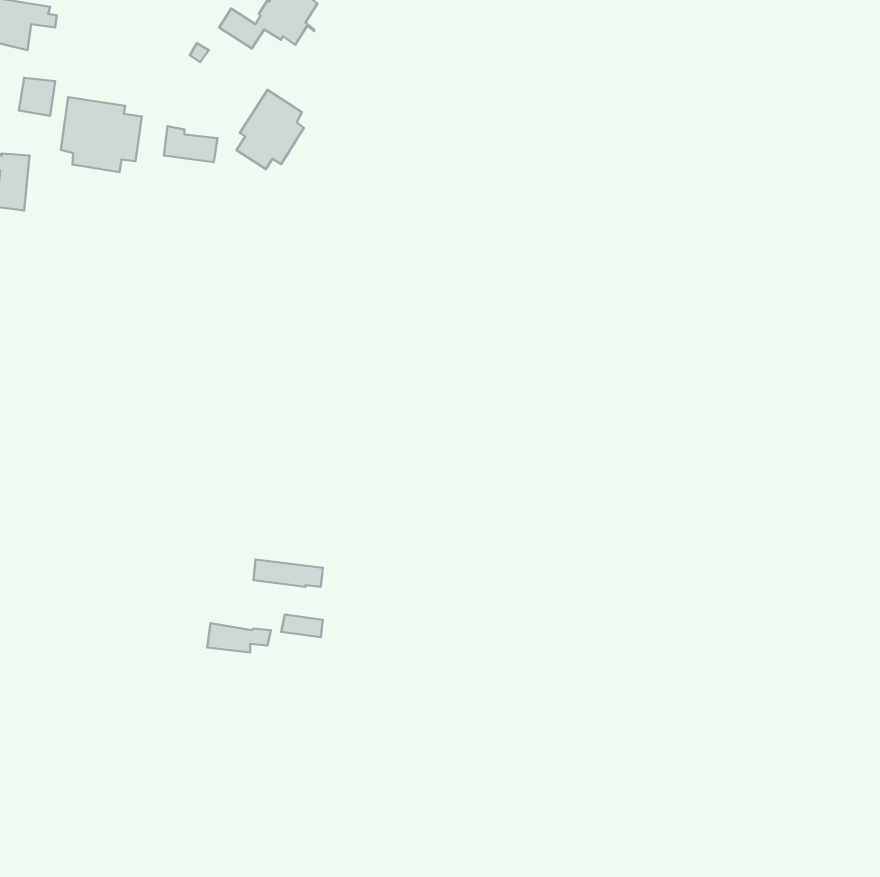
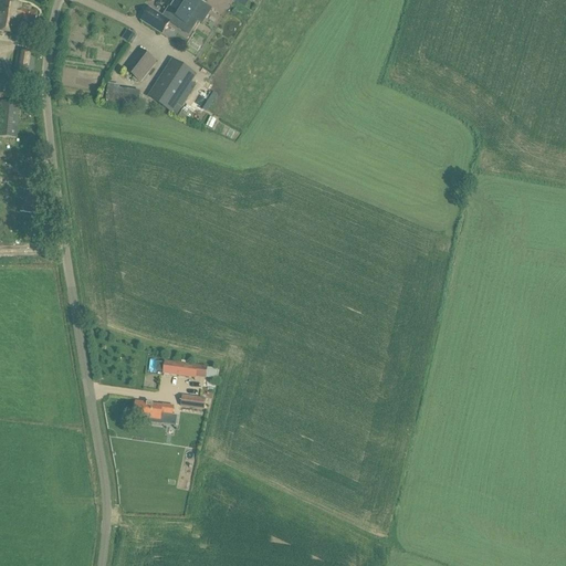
building: none -> [123,45,155,78]
building: [61,97,142,172] -> none

